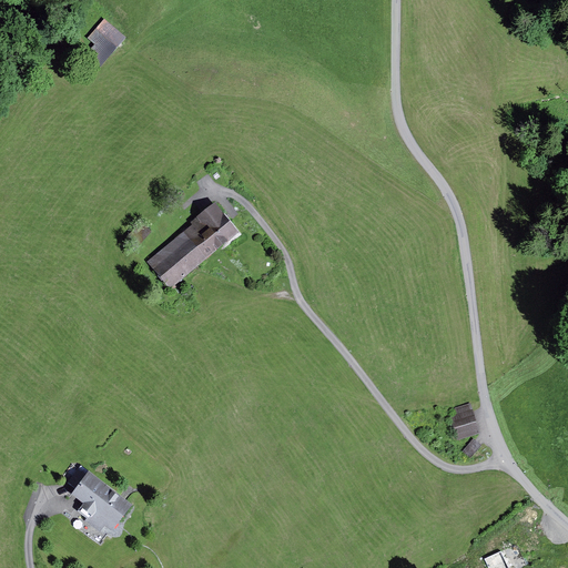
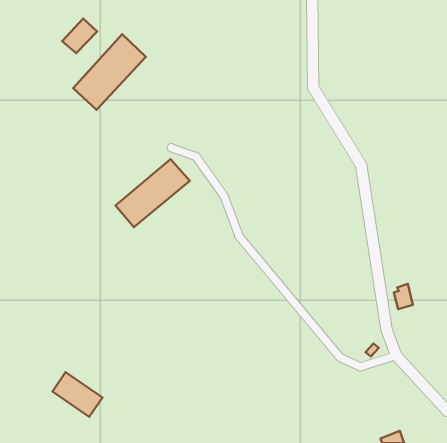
building: none -> [73,34,146,110]
building: [453,403,477,435] -> [394,284,413,309]

